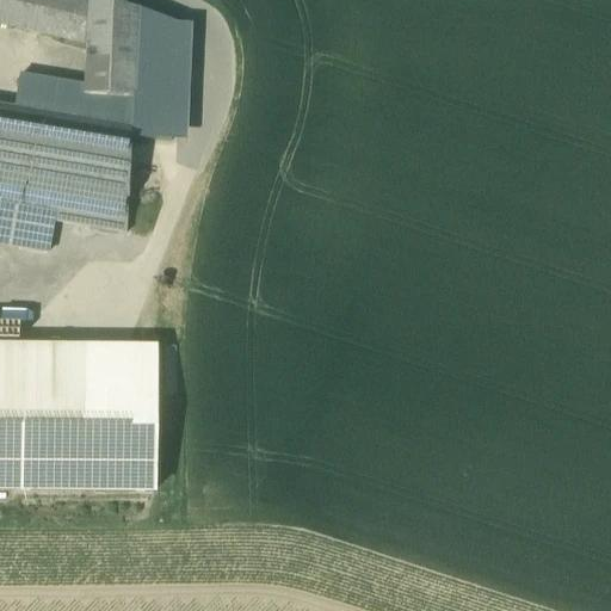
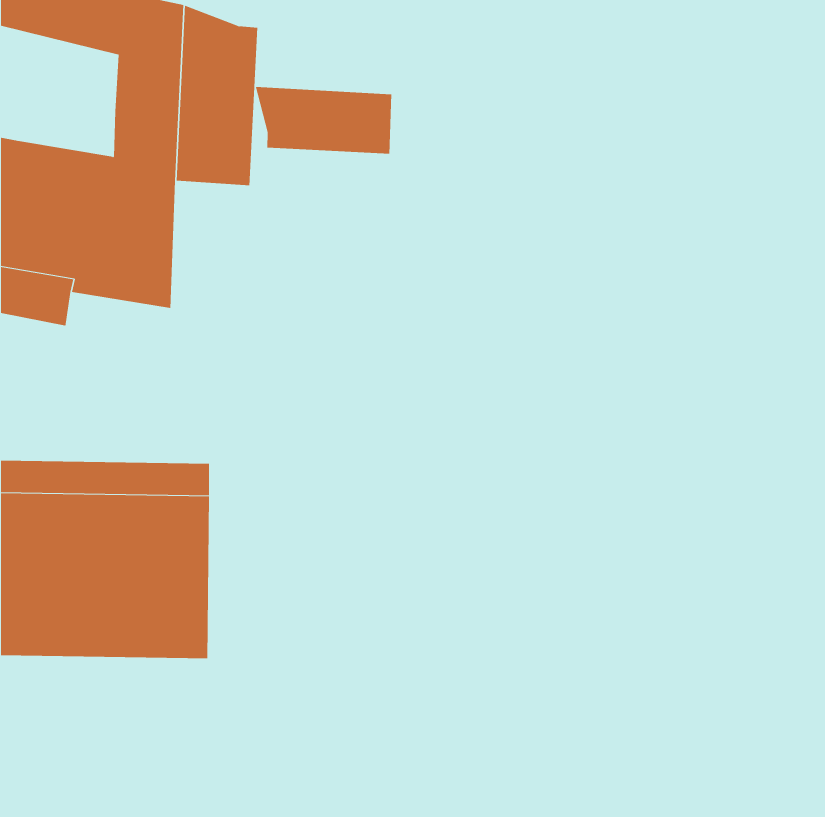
building: none -> [255,86,392,155]
building: [13,72,85,116] -> none

